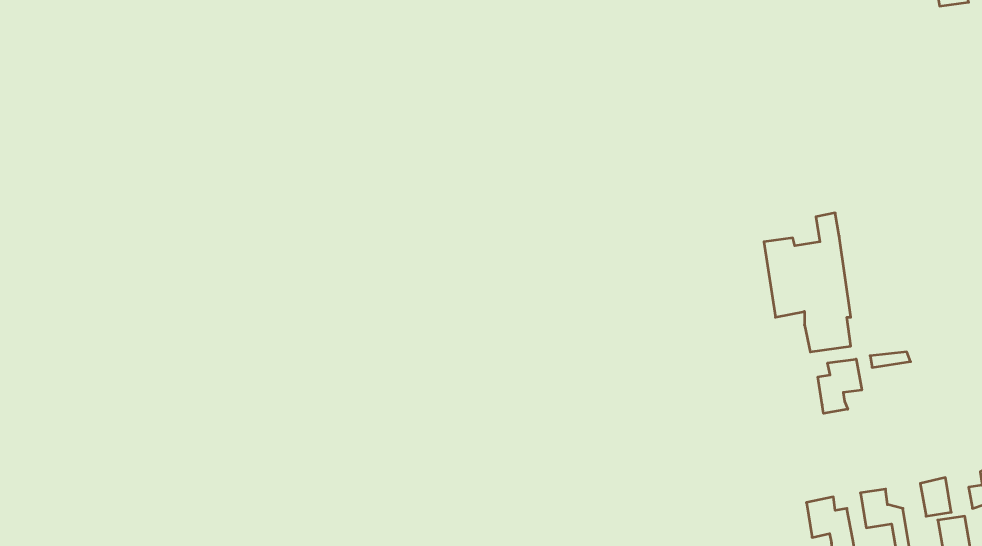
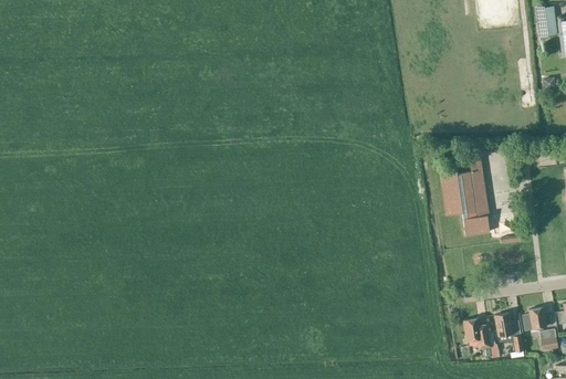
building: [818,359,862,413] -> none

